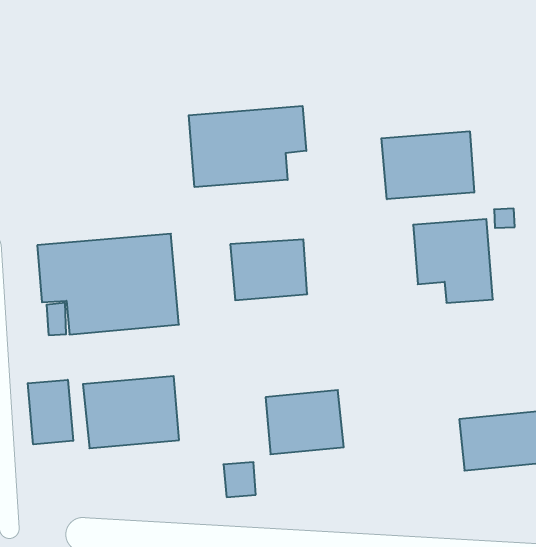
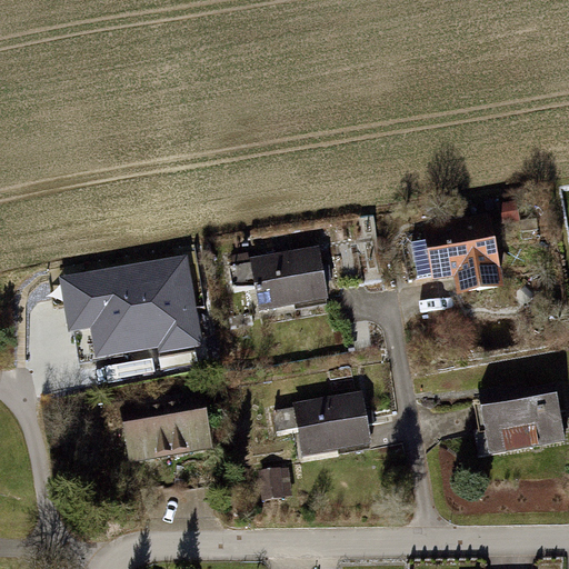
building: [189,106,306,187] -> none
building: [381,131,474,199] -> none
building: [28,380,73,444] -> none

